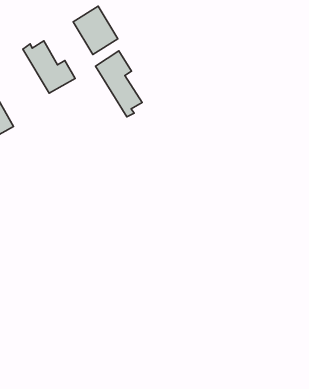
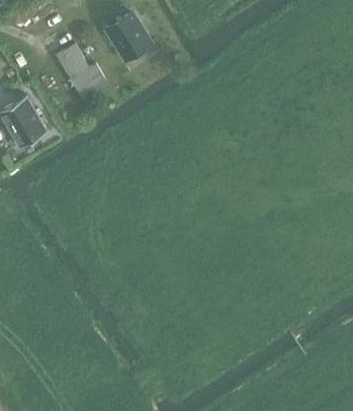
building: [96,51,142,117] -> none

